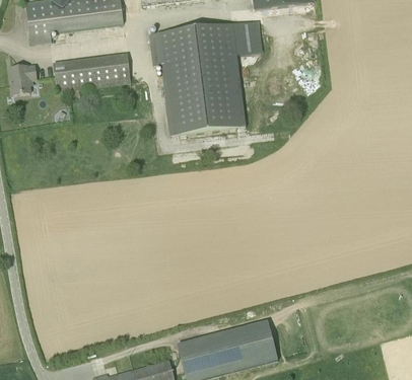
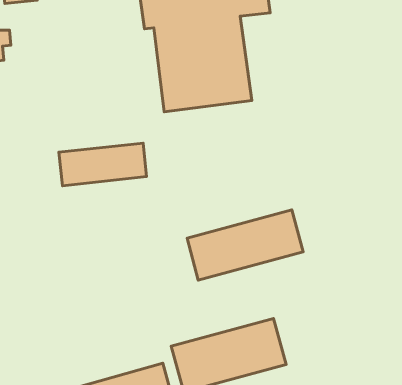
building: [53,53,130,90] -> [59,143,147,186]
building: none -> [187,210,303,280]

